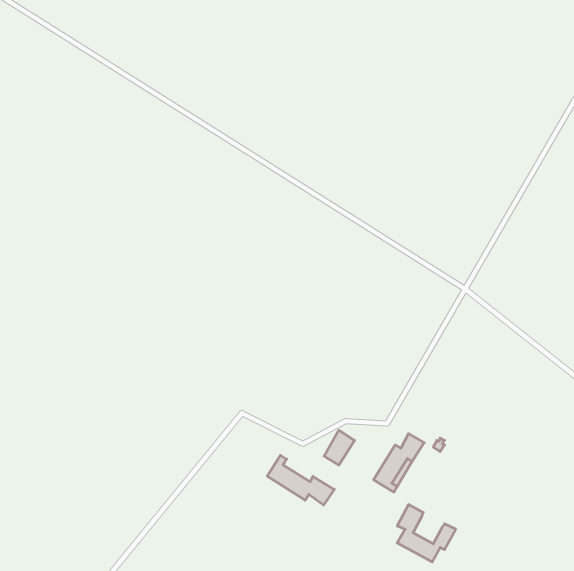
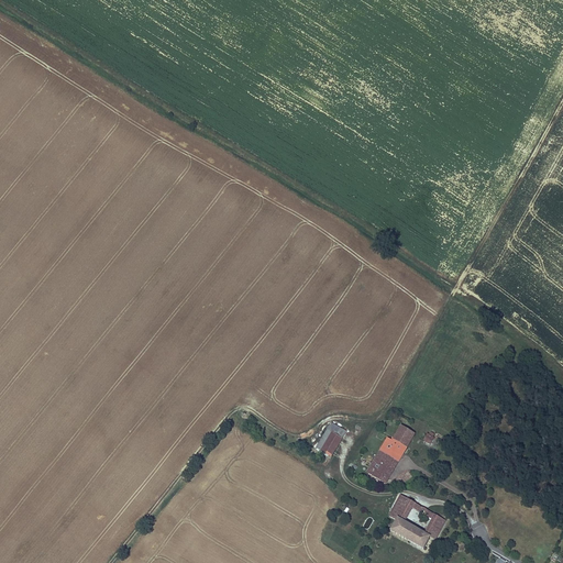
building: [267,455,334,505] -> none

